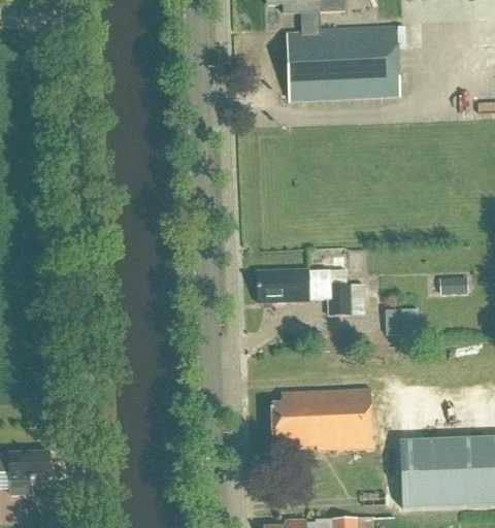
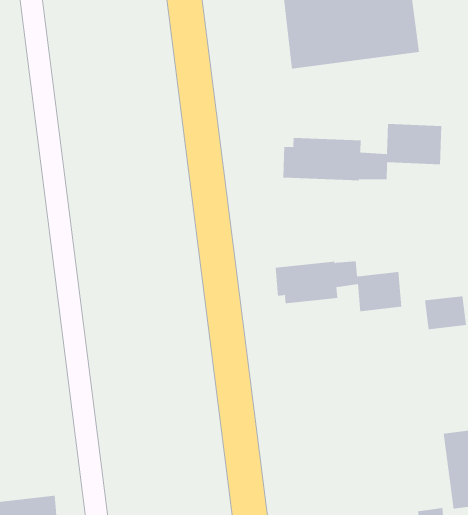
building: none -> [283,123,442,181]
building: [274,390,374,450] -> none

